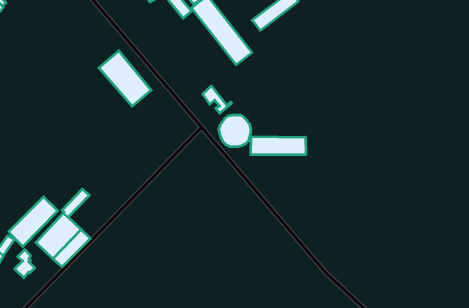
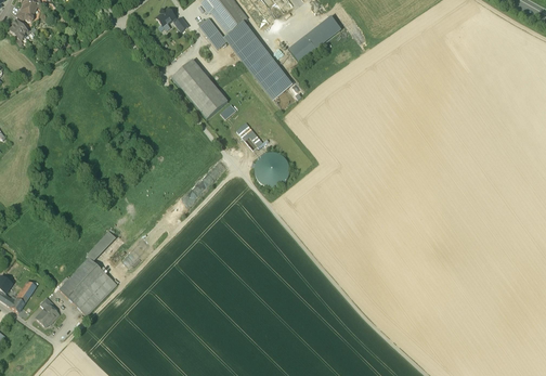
building: [99,51,151,106] -> [171,59,227,118]
building: [251,137,306,155] -> none
building: [9,197,58,247] -> none

